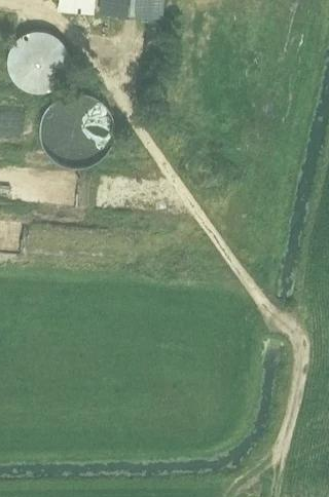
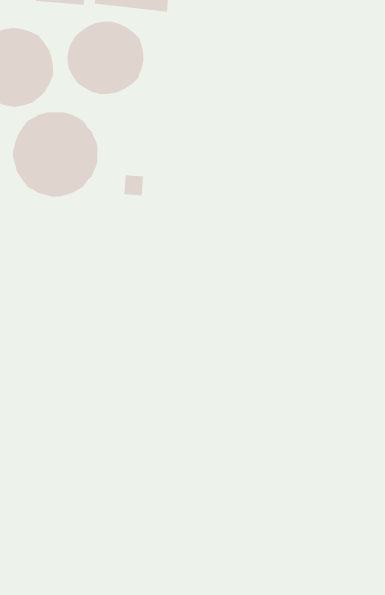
building: none -> [67,21,144,95]

